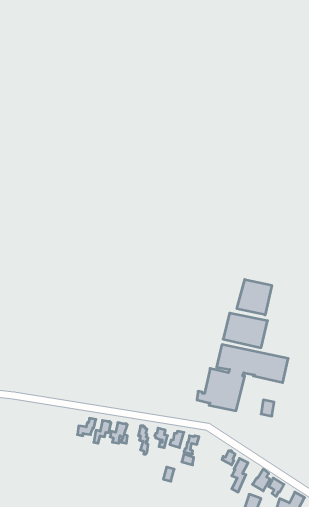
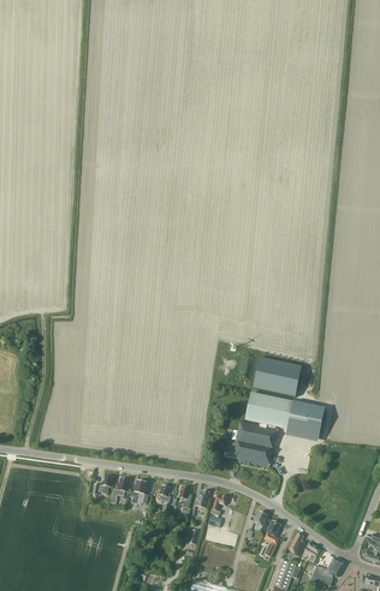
building: [237,279,272,315] -> none

